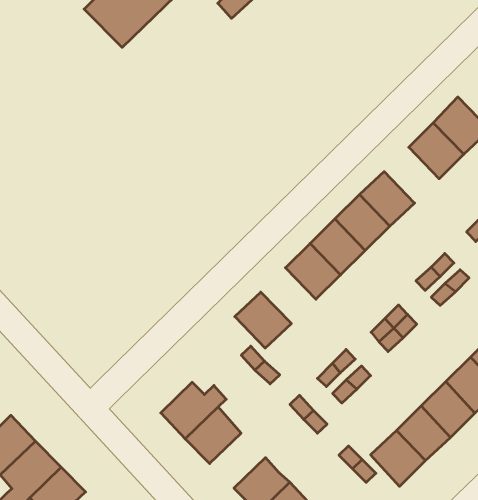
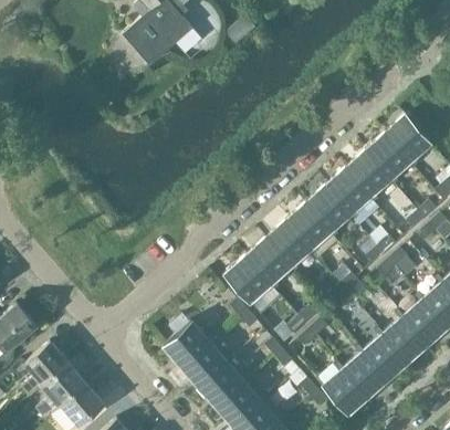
building: none -> [347,153,389,196]
building: none -> [248,240,290,283]
building: none -> [201,365,244,407]

